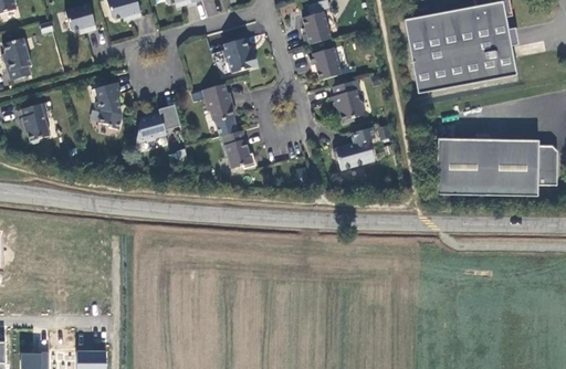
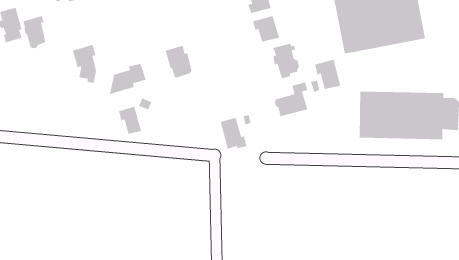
building: [223,36,258,72] -> none
building: none -> [314,59,341,90]
building: [20,102,49,141] -> [22,16,46,49]
building: [222,129,255,168] -> [220,117,247,149]
building: none -> [119,106,142,135]

